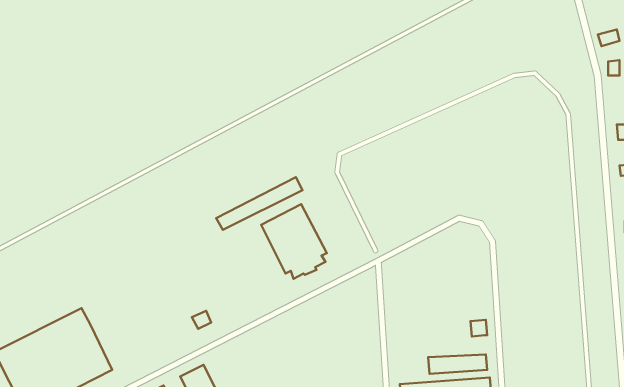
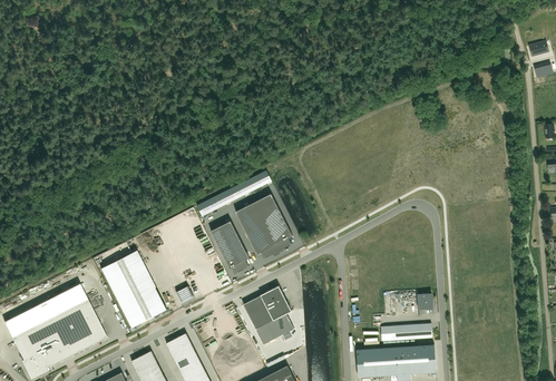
building: none -> [209,221,248,274]
building: none -> [99,251,166,328]
building: none -> [243,286,293,344]

